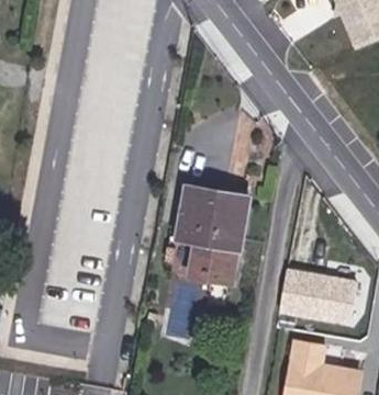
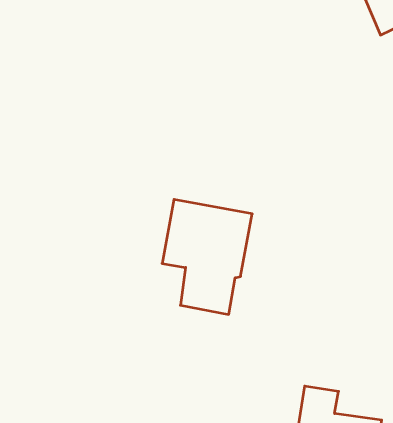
building: [277,271,357,326] -> none

